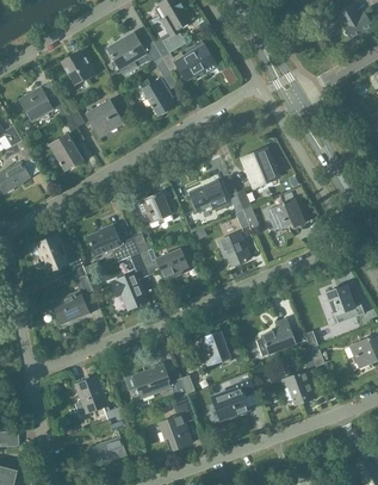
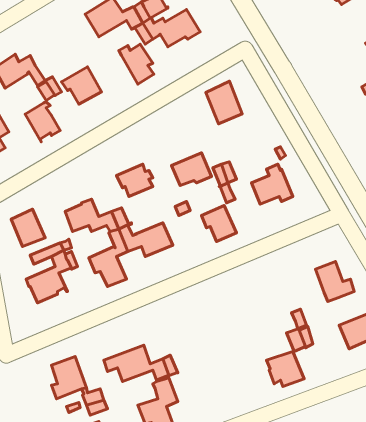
building: [62,50,95,86] -> none
building: [243,148,278,188] -> [206,81,242,124]
building: [256,319,304,355] -> none
building: [202,330,231,366] -> none
building: [215,379,256,418] -> none

